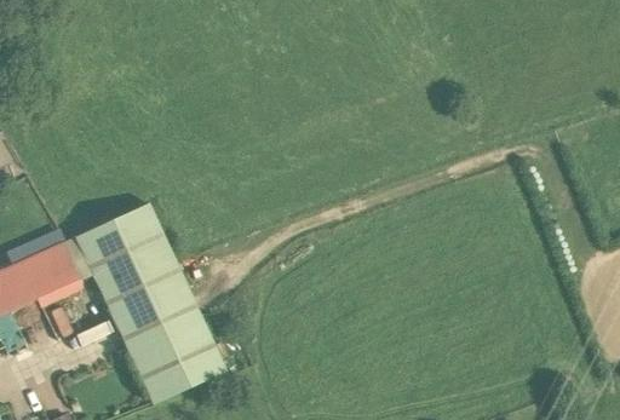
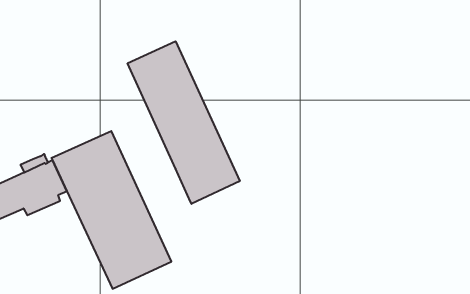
building: none -> [128,41,240,204]

